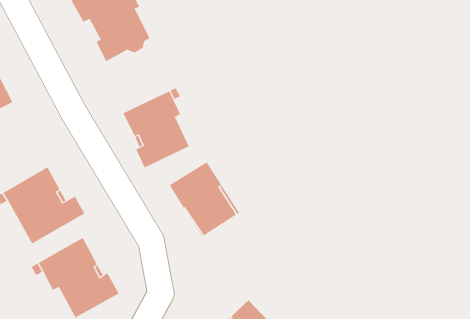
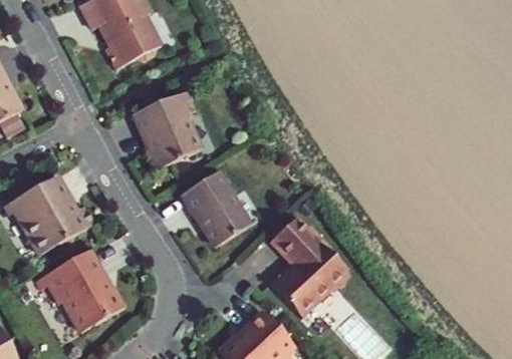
building: none -> [269,217,346,317]

